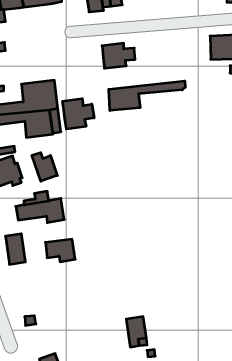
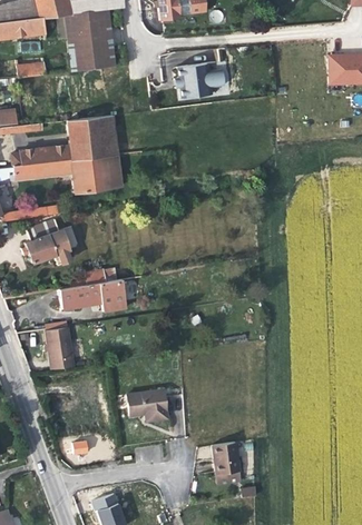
building: none -> [65,9,115,70]
building: [109,81,185,111] -> none
building: [63,99,94,129] -> none
building: [32,153,57,181] -> none
building: [45,239,75,262] -> [127,389,168,420]

